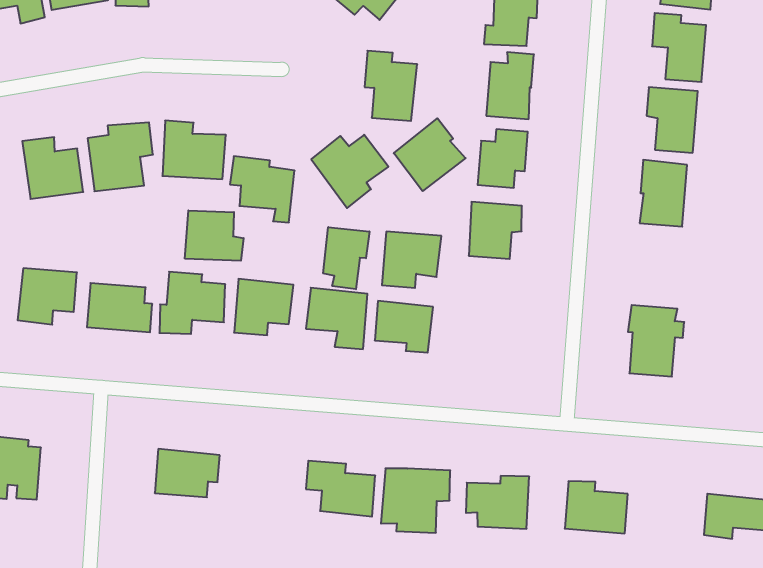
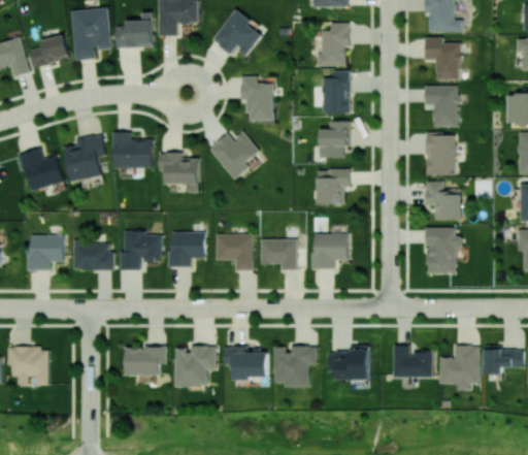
building: [394,118,466,191] -> none
building: [185,210,244,261] -> none
building: [323,227,369,289] -> none
building: [382,232,441,288] -> [312,233,349,268]
building: none -> [426,182,461,219]
building: none -> [175,346,217,386]
building: none -> [440,345,480,390]

